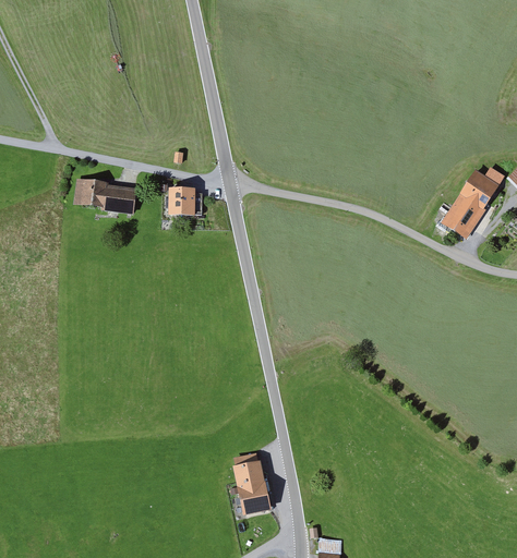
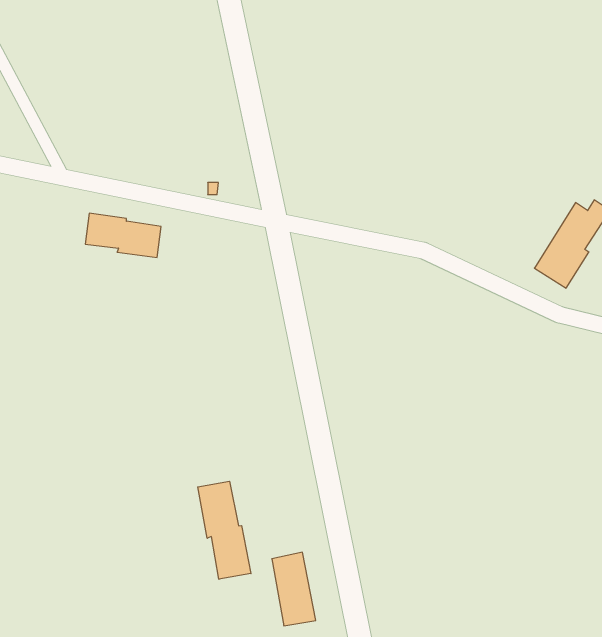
building: [169,186,195,214] -> none
building: none -> [198,481,251,579]

